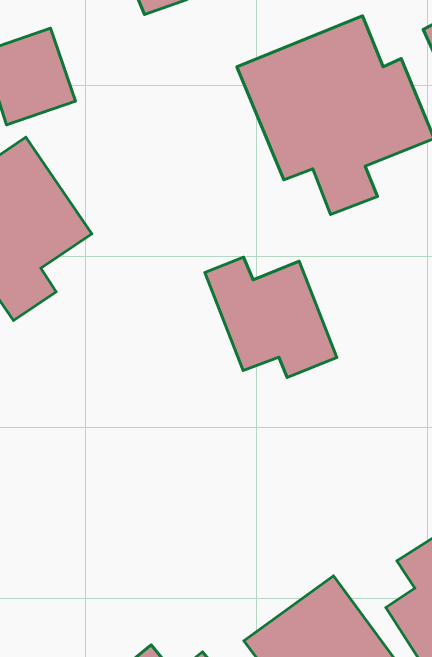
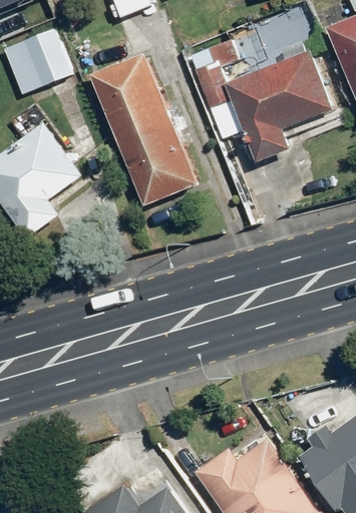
building: none -> [90,53,198,206]
building: [205,257,337,378] -> none

